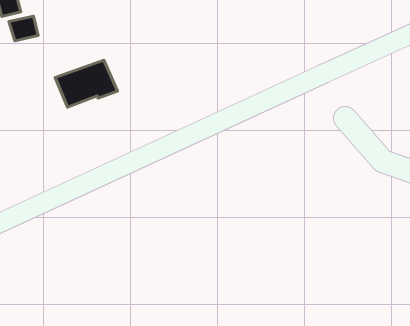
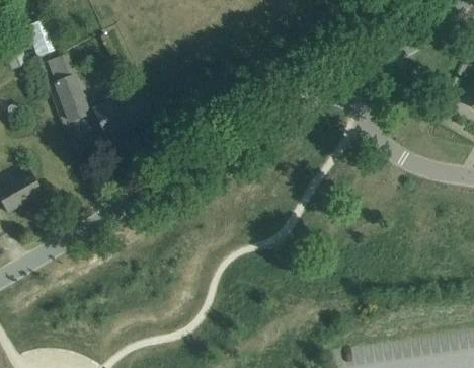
building: none -> [53,75,87,122]

